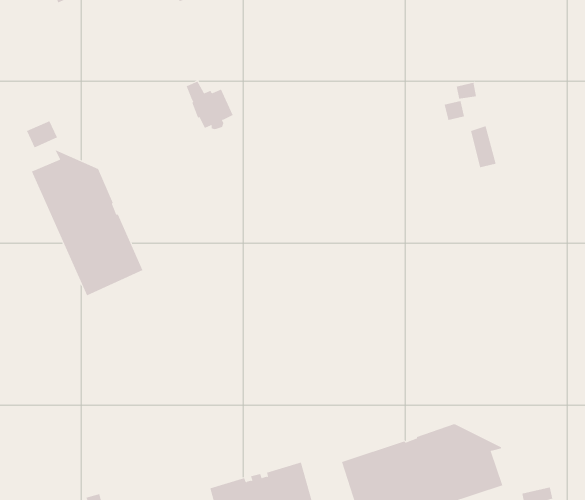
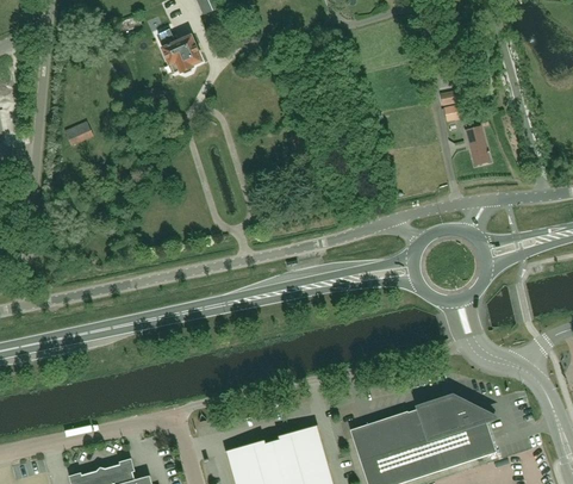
building: [186,81,233,130] -> [158,30,201,74]
building: [31,150,143,296] -> none

